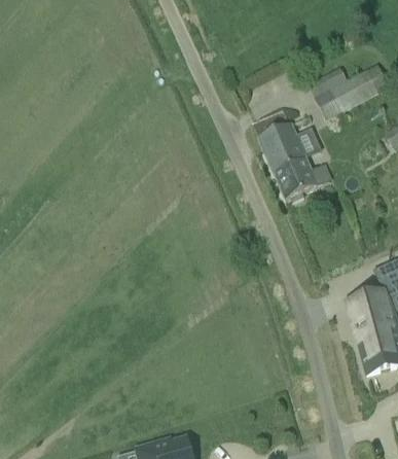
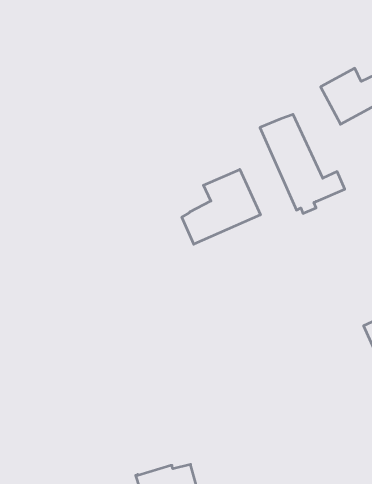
building: none -> [182,169,260,244]

